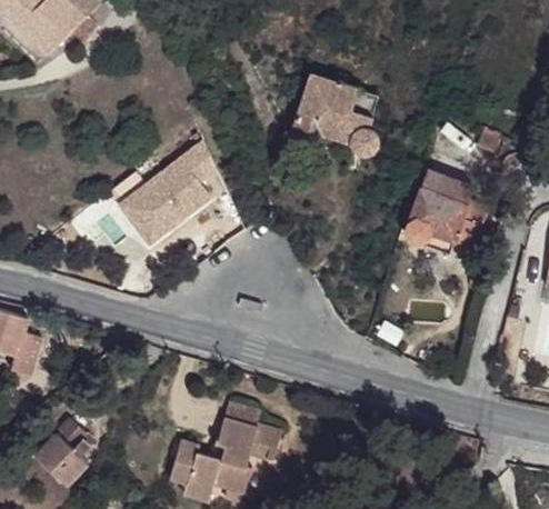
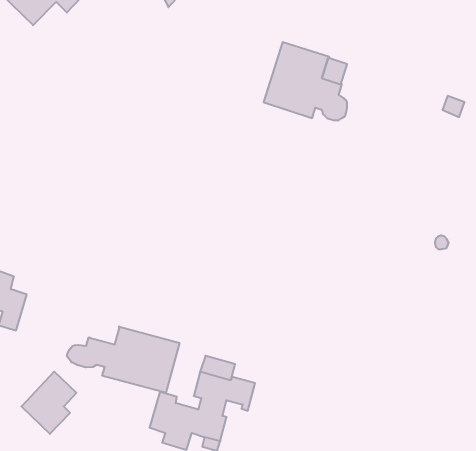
building: [120,146,213,240] -> none
building: [406,169,490,253] -> none
building: none -> [67,326,179,393]

